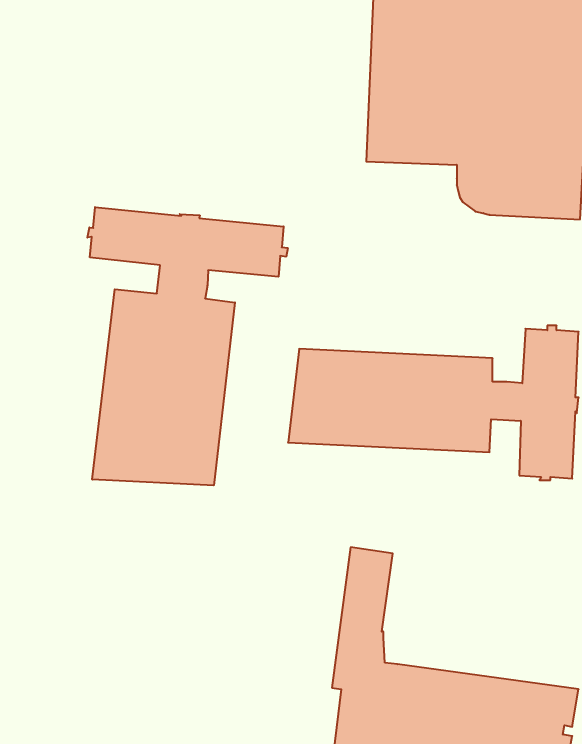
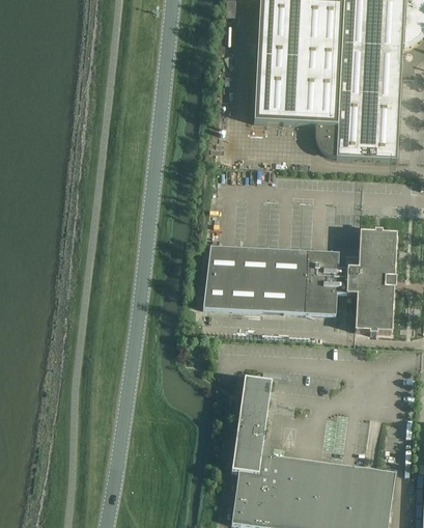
building: [87,207,288,485] -> none

